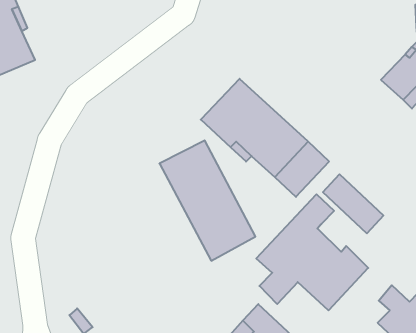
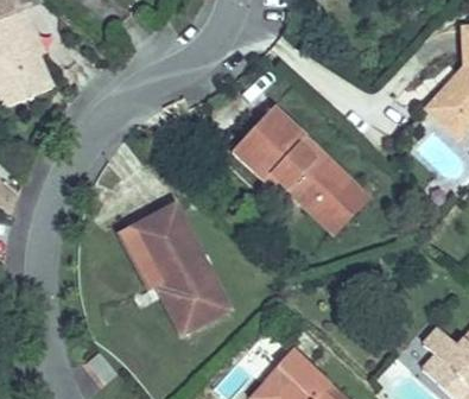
building: [159,140,255,261] -> [128,202,232,331]
building: [323,174,383,233] -> none
building: [256,194,368,310] -> none

